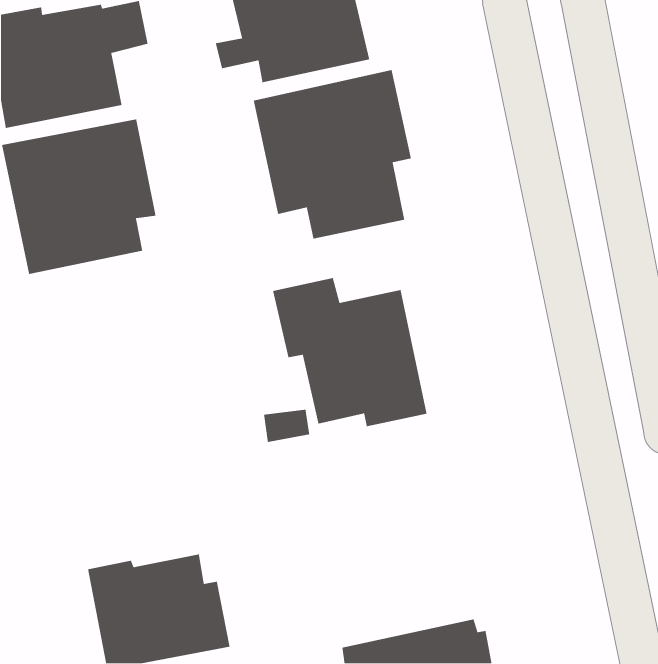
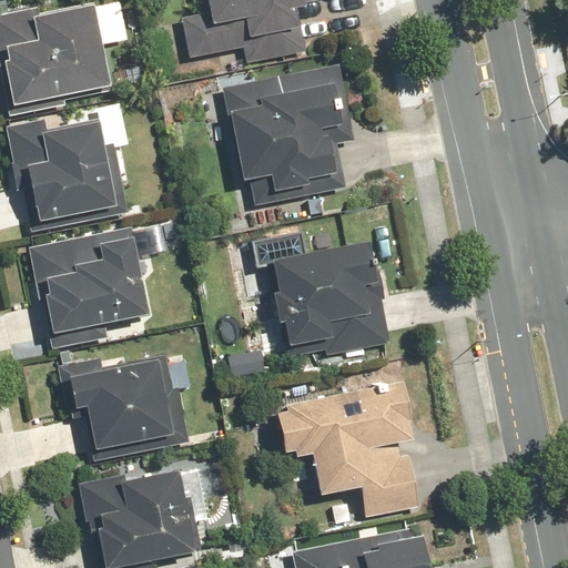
building: none -> [32,225,154,352]
building: none -> [58,354,181,459]
building: none -> [275,376,420,517]

